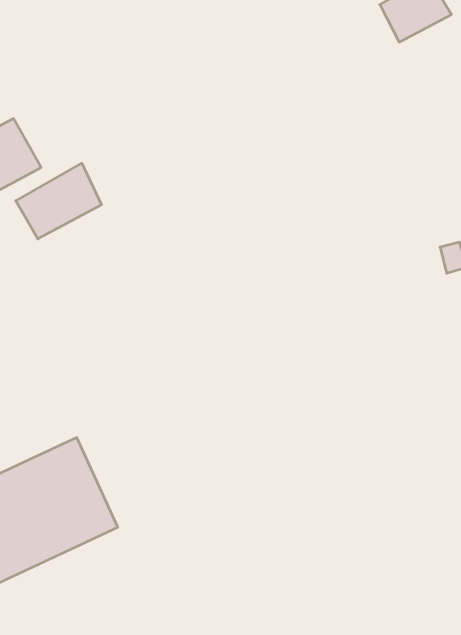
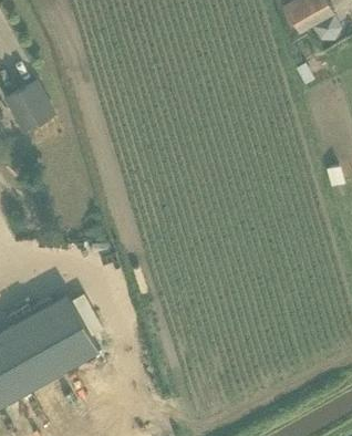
building: [16,163,101,239] -> none

